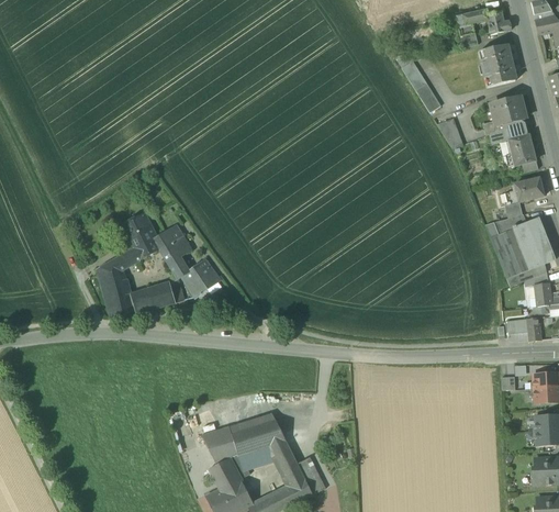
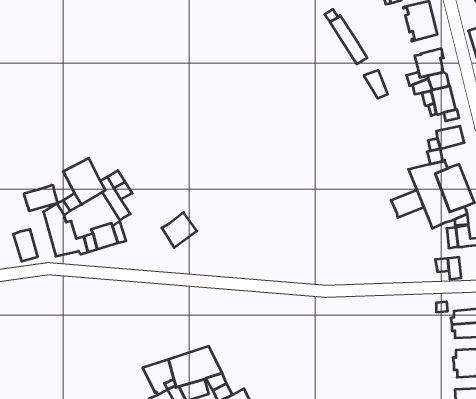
building: none -> [24,185,58,211]
building: none -> [391,190,423,218]
building: [182,258,220,296] -> [162,212,197,248]
building: none -> [13,229,37,261]

